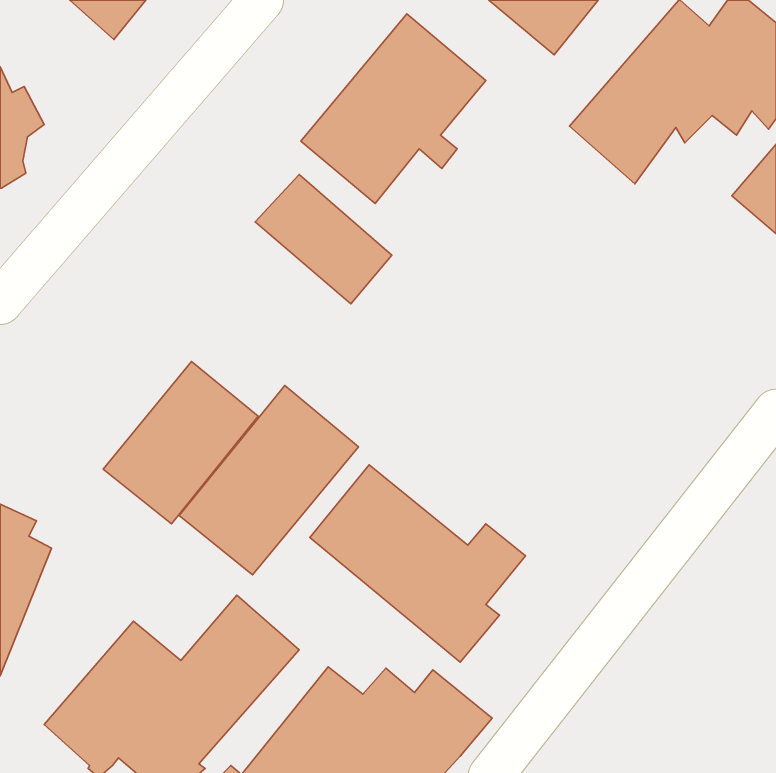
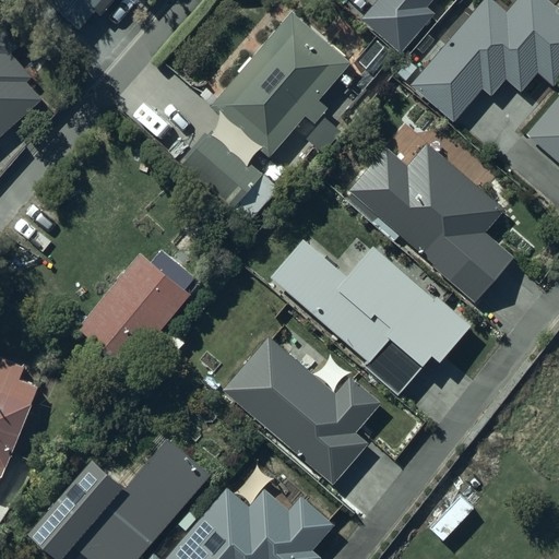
building: none -> [347,141,510,295]
building: none -> [264,234,461,396]
building: [179,386,358,575] -> none

